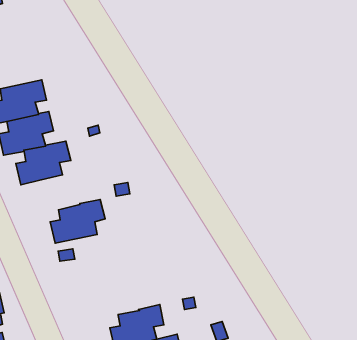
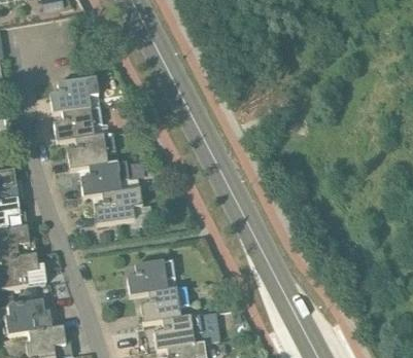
building: none -> [80,159,130,196]
building: none -> [127,258,175,295]

